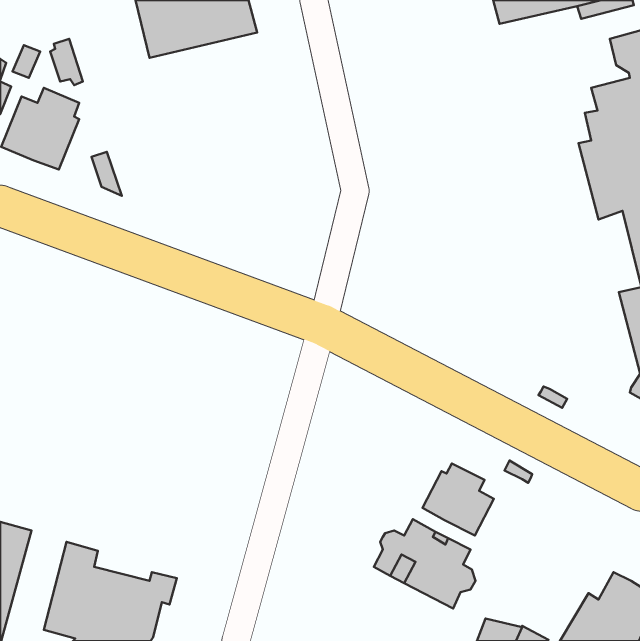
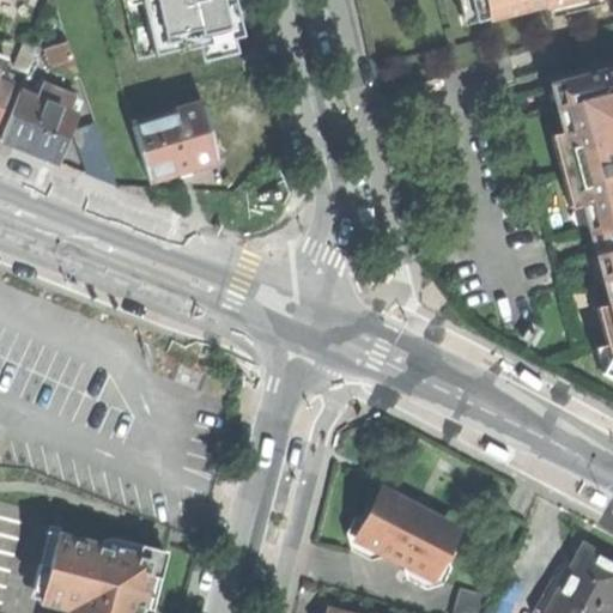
building: none -> [134,105,218,178]
building: [422,464,494,535] -> none

